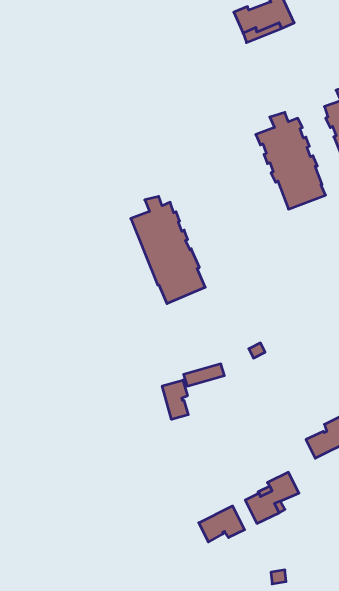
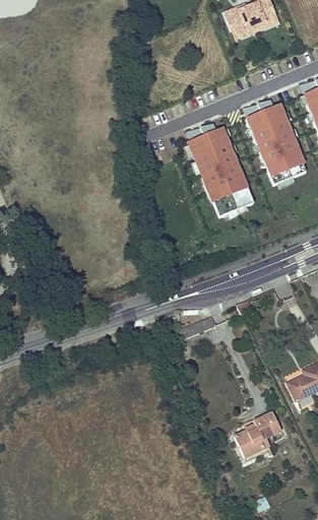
building: [131,196,205,304] -> [187,122,252,215]
building: [162,380,188,419] -> none
building: [199,506,245,542] -> none

